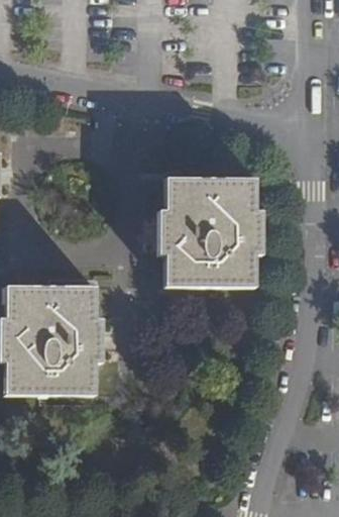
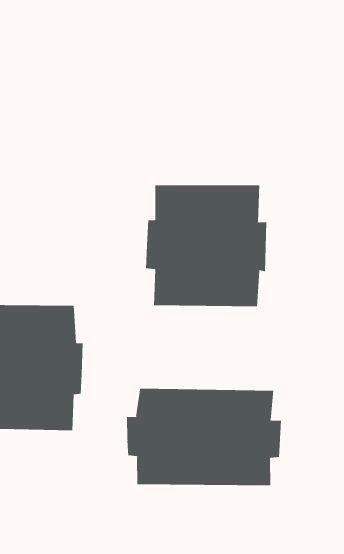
building: none -> [127,388,281,486]

